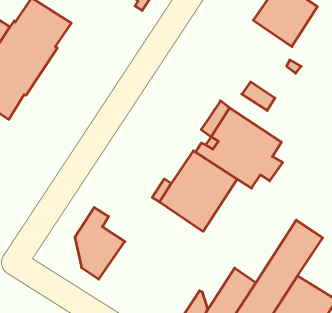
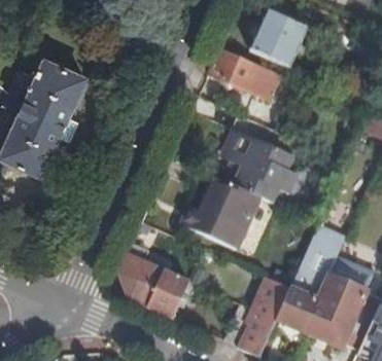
building: none -> [210,48,280,99]
building: none -> [147,268,189,318]

